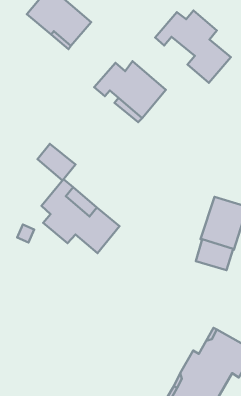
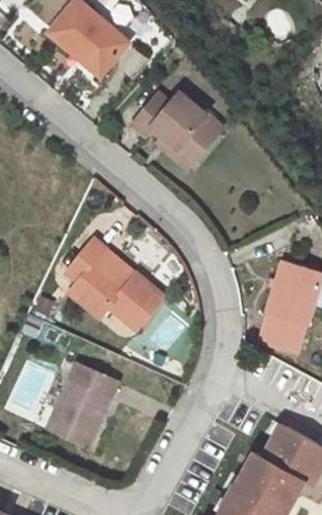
building: [155,11,231,83] -> none
building: [37,144,76,180] -> none
building: none -> [48,363,116,445]

